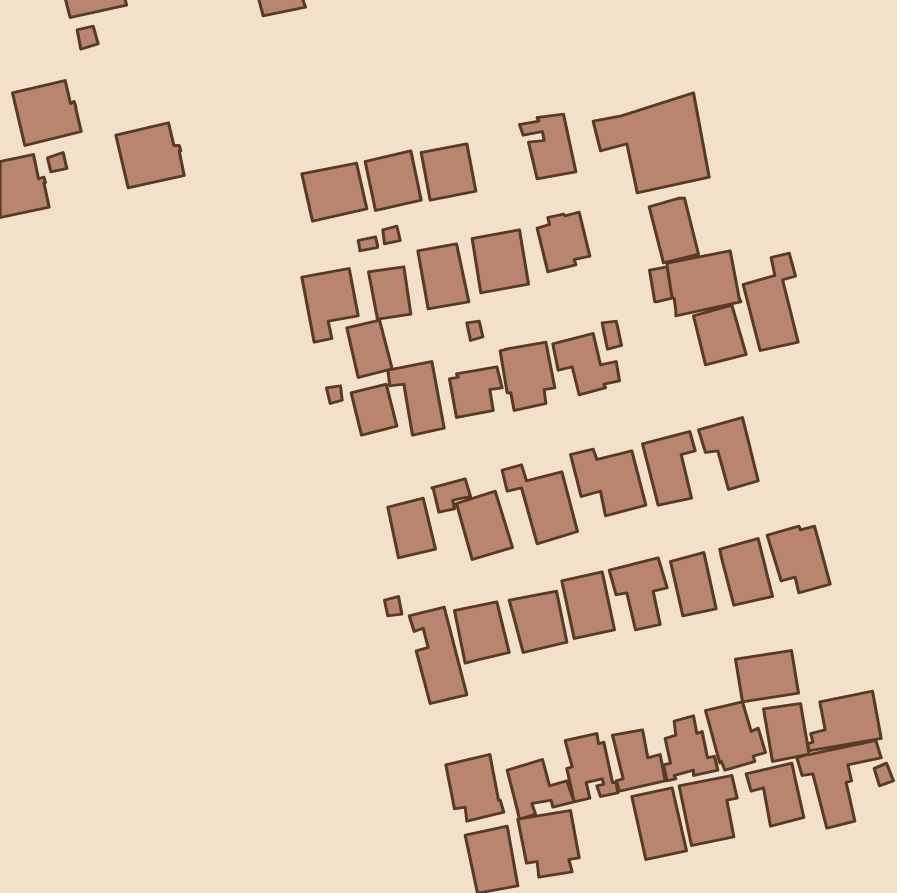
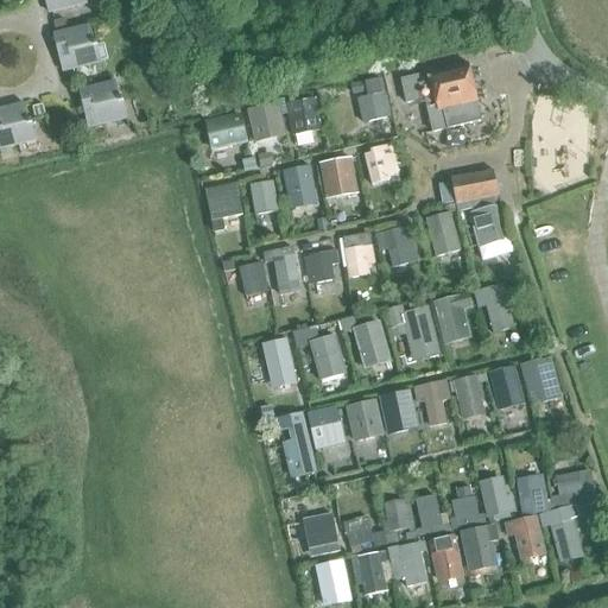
building: [13,81,81,145] -> [53,27,100,71]
building: [649,198,698,263] -> [426,211,460,255]
building: [743,253,798,350] -> none
building: [347,320,392,377] -> none
building: [735,651,799,702] -> none
building: none -> [386,538,428,585]

